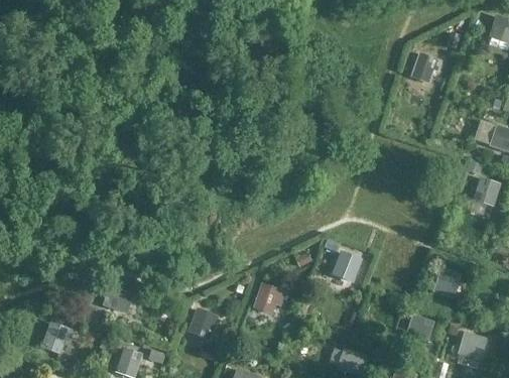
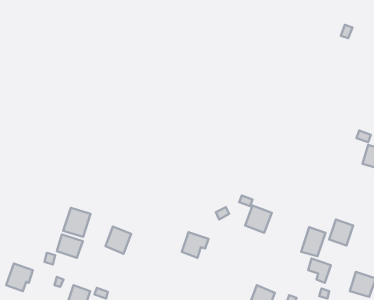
building: [410,51,442,84] -> none
building: none -> [63,208,91,237]
building: none -> [301,227,326,256]
building: [187,306,219,340] -> [105,226,131,254]

